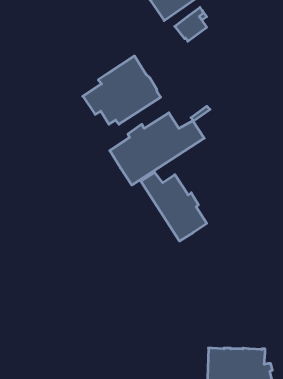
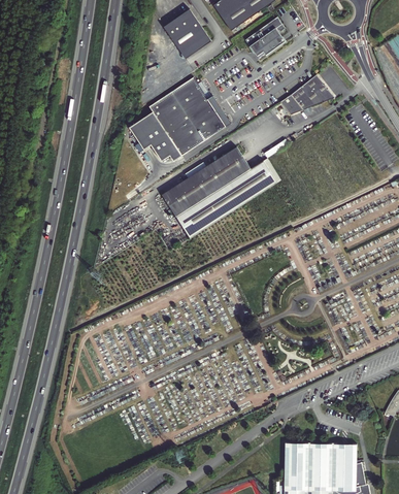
building: none -> [163,9,211,59]
building: none -> [280,73,335,113]
building: [141,172,207,241] -> none

